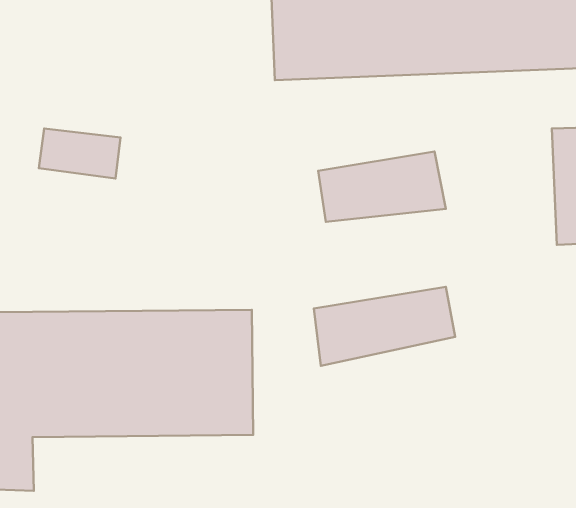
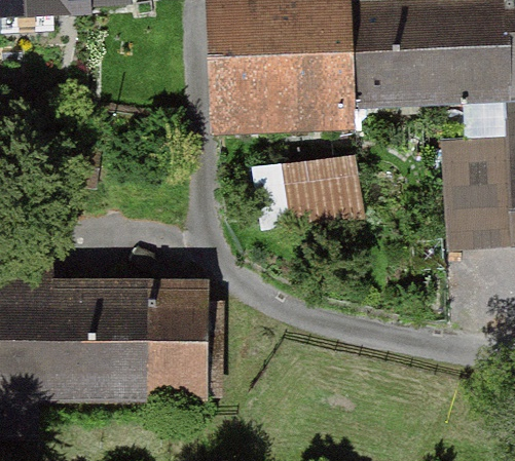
building: [314,287,455,366] -> none

